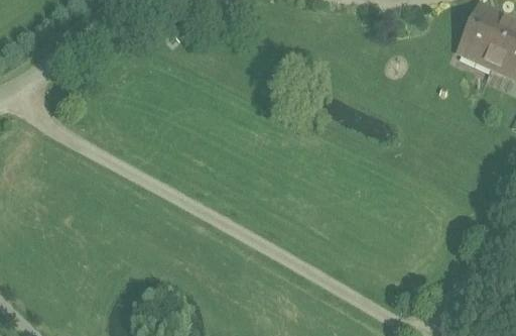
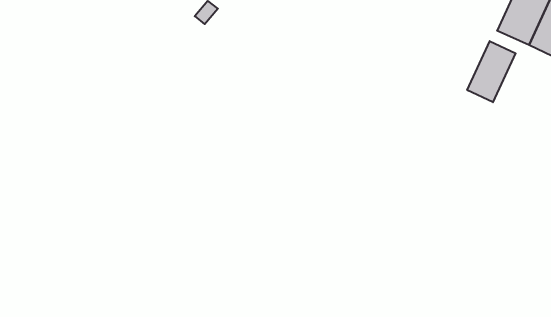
building: none -> [467,41,516,102]

